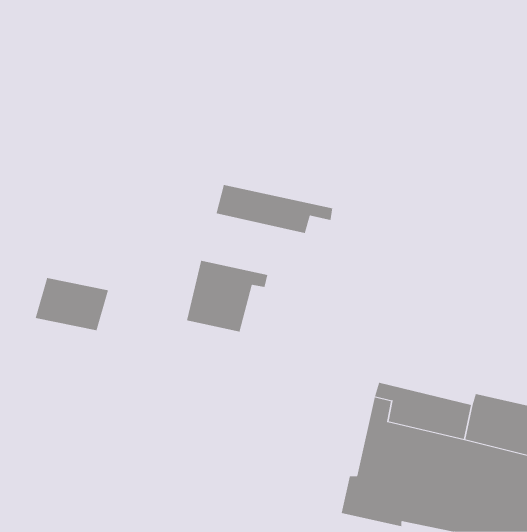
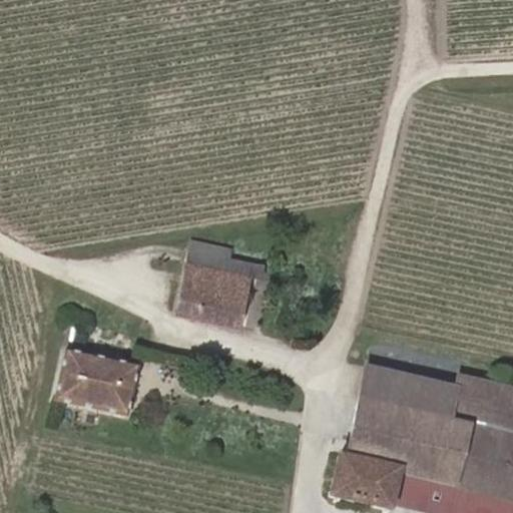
building: [216,184,333,234] -> none
building: [35,278,109,331] -> [63,357,134,408]

